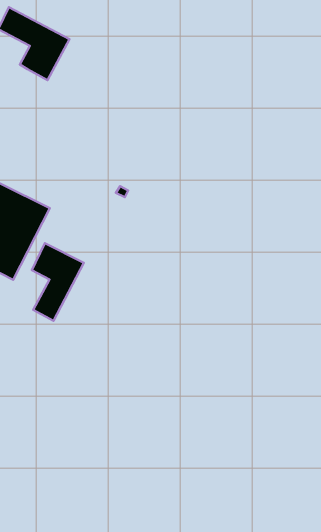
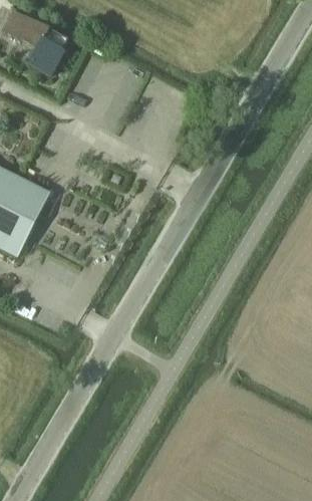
building: [32,243,84,321] -> none

